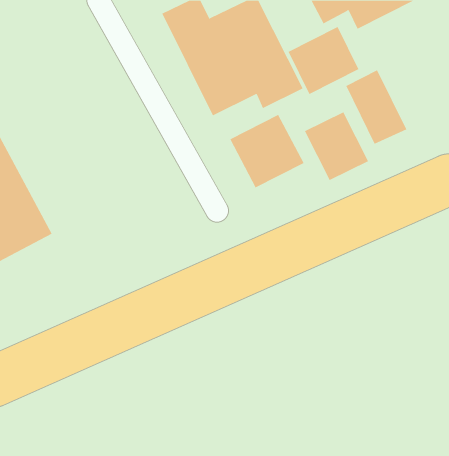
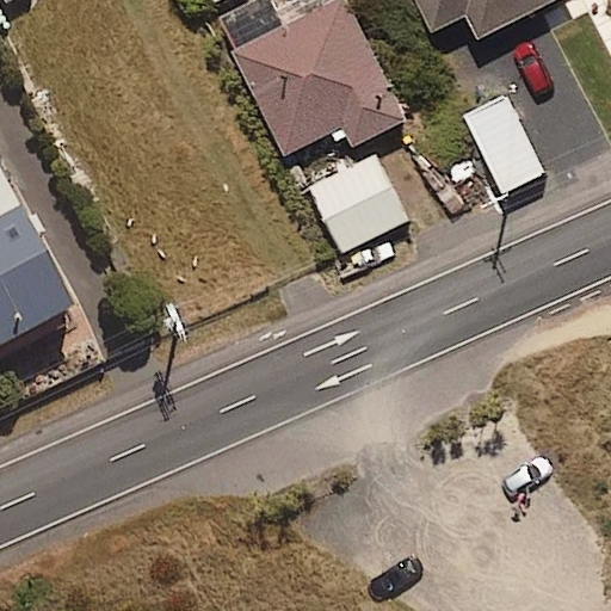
building: [288,26,359,95] -> none
building: [304,111,369,181] -> none

